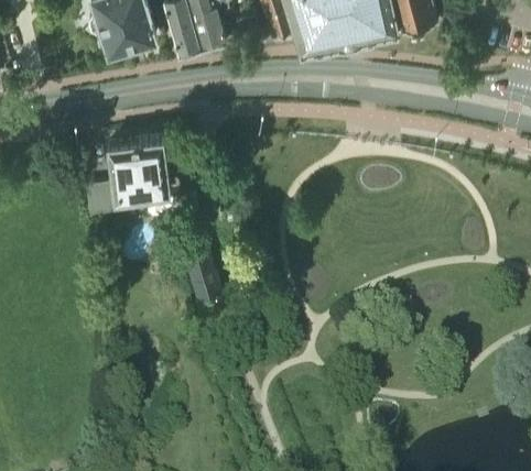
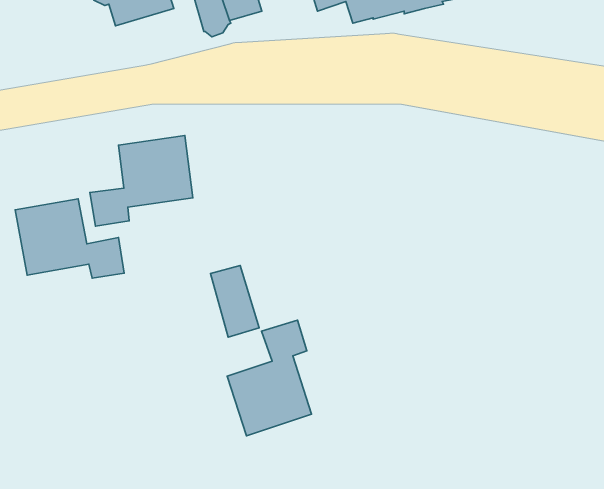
building: none -> [15,199,124,278]
building: none -> [227,320,312,436]

